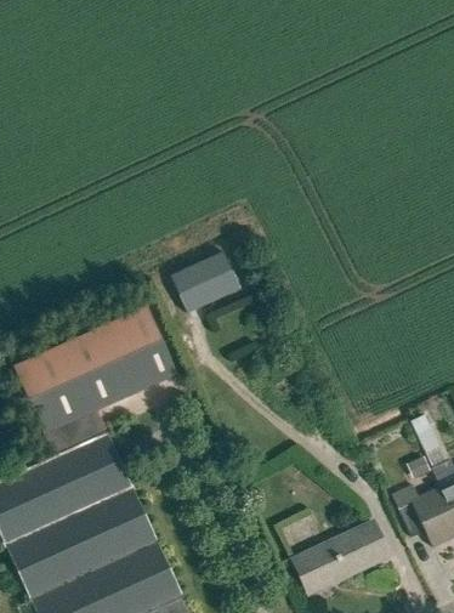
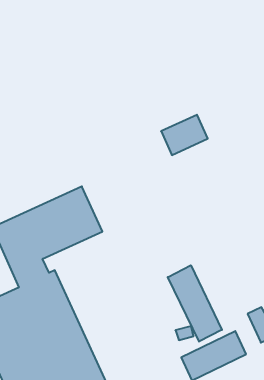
building: [172,252,242,312] -> [161,115,208,155]
building: none -> [168,265,222,342]

